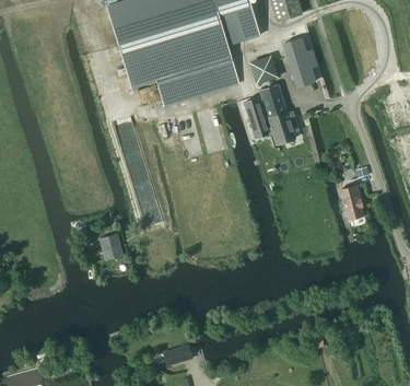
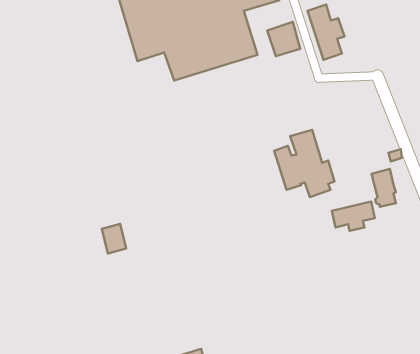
building: [244,83,297,143] -> [274,130,334,197]
building: none -> [332,202,375,231]

